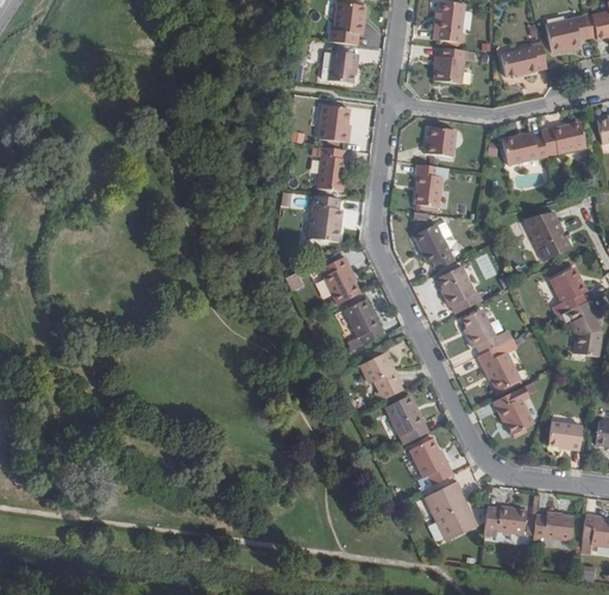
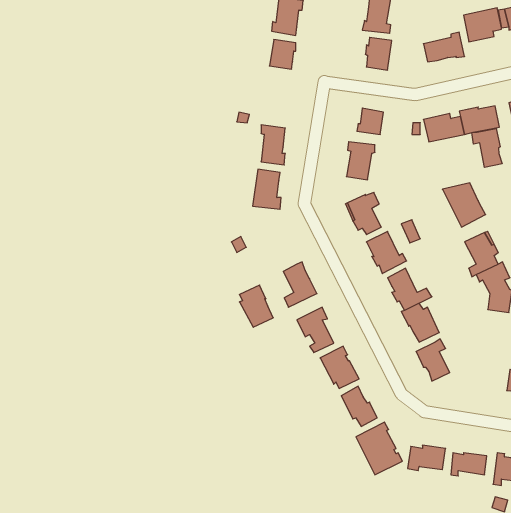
building: [321,105,350,142] -> none
building: none -> [472,129,502,167]
building: [320,257,358,305] -> [239,285,273,327]
building: [547,422,580,449] -> none

